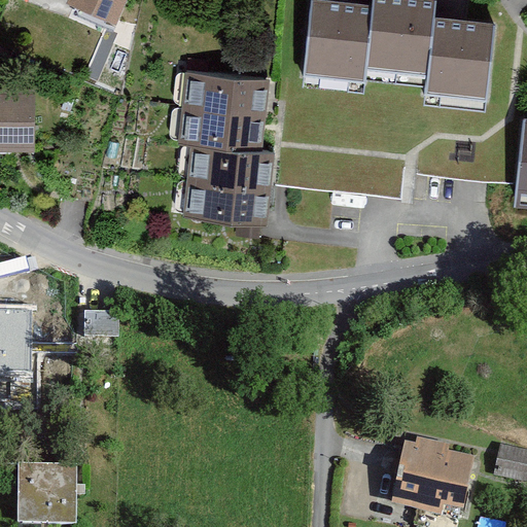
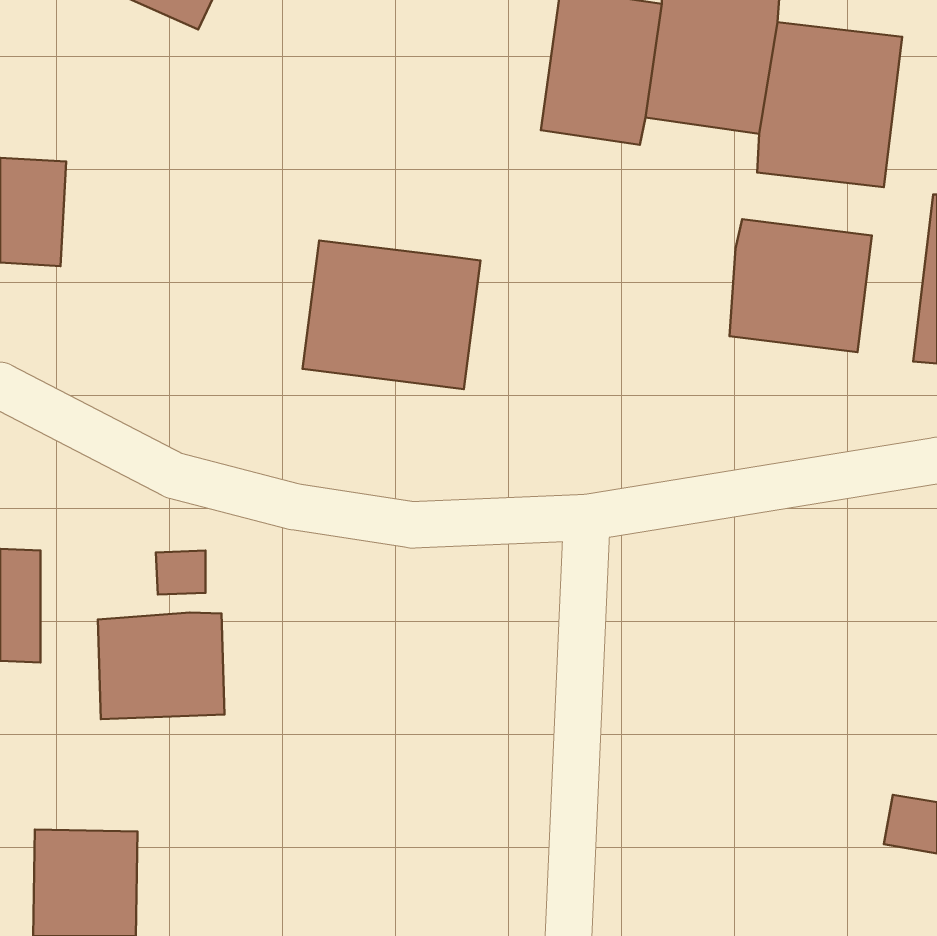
building: [167,63,264,144] -> none
building: none -> [730,219,872,352]
building: none -> [98,612,225,719]
building: [392,442,484,516] -> none

